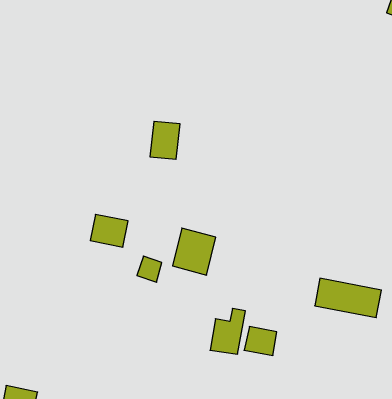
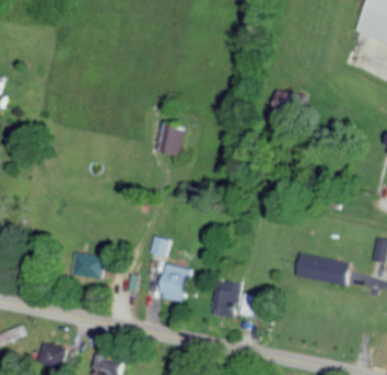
building: [90,214,128,247] -> [72,253,104,280]
building: [173,228,216,275] -> [156,263,192,303]

